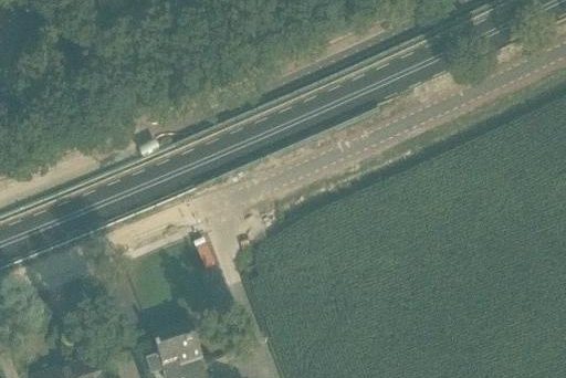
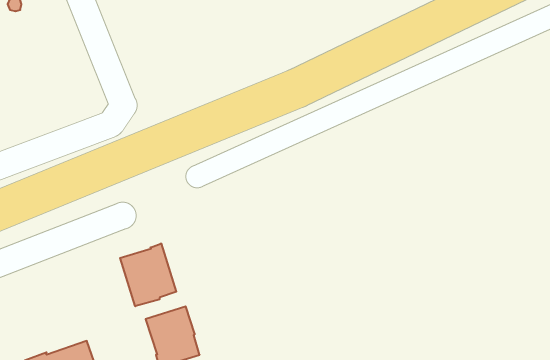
building: none -> [120,243,176,306]

